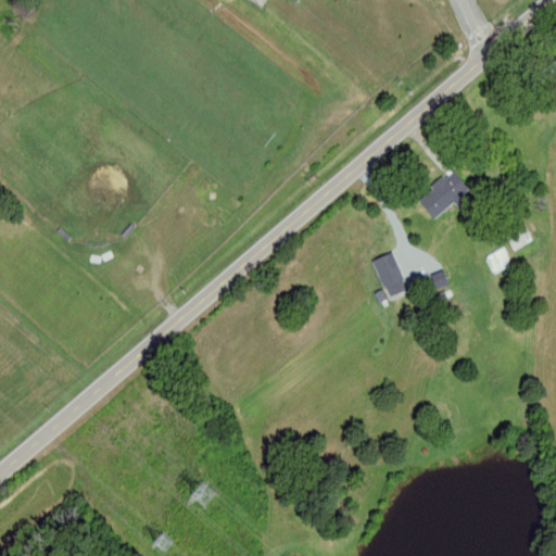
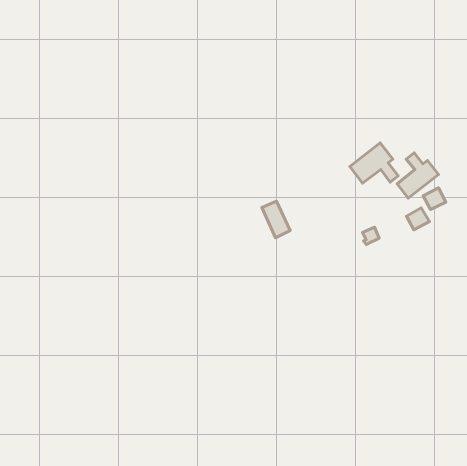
building: none -> [397,153,439,198]
building: [374,253,407,296] -> [262,201,290,238]

